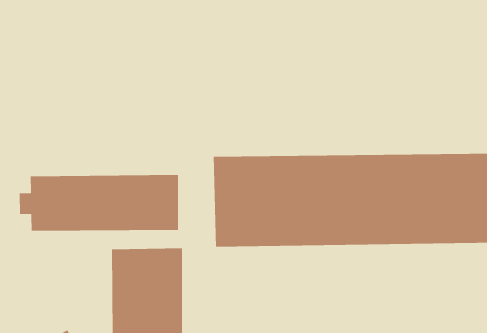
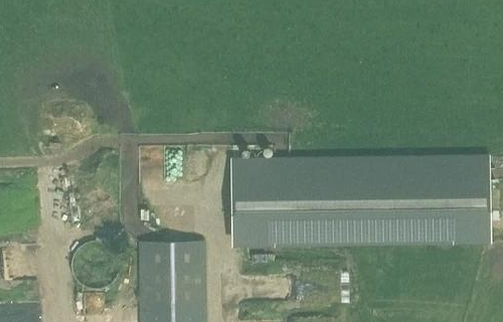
building: [19,174,179,231] -> none

